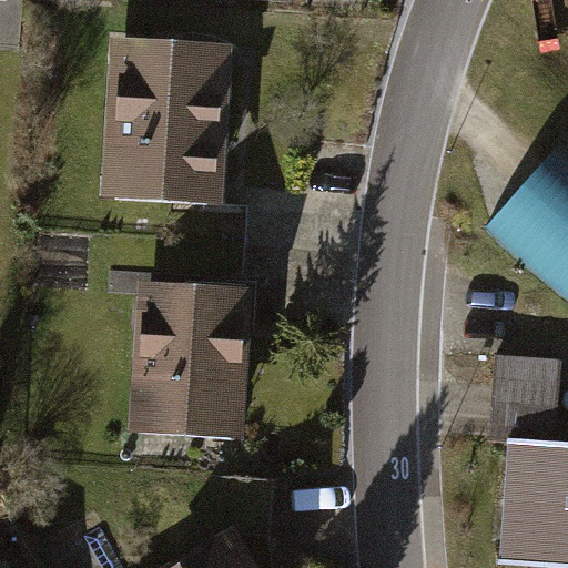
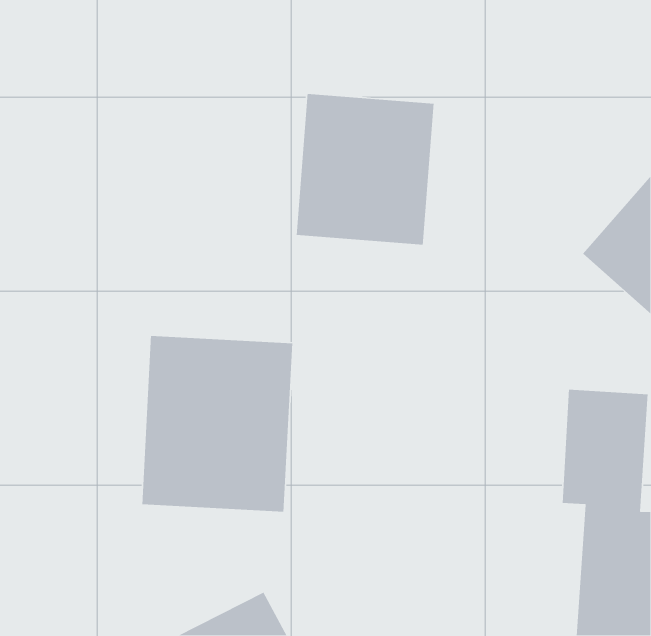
building: [102,37,231,202] -> none
building: none -> [296,93,435,245]

